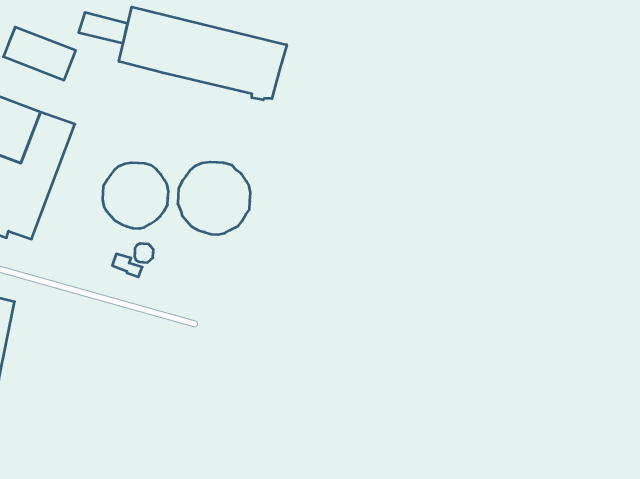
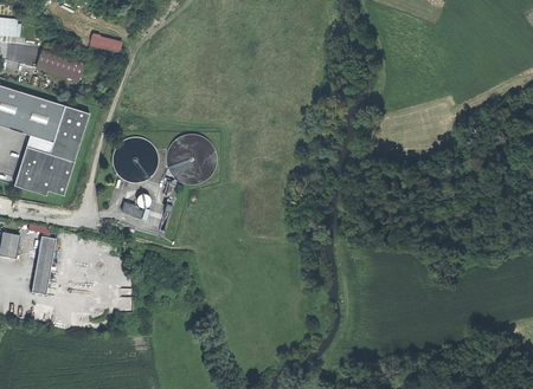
building: [119,7,287,100] -> none

